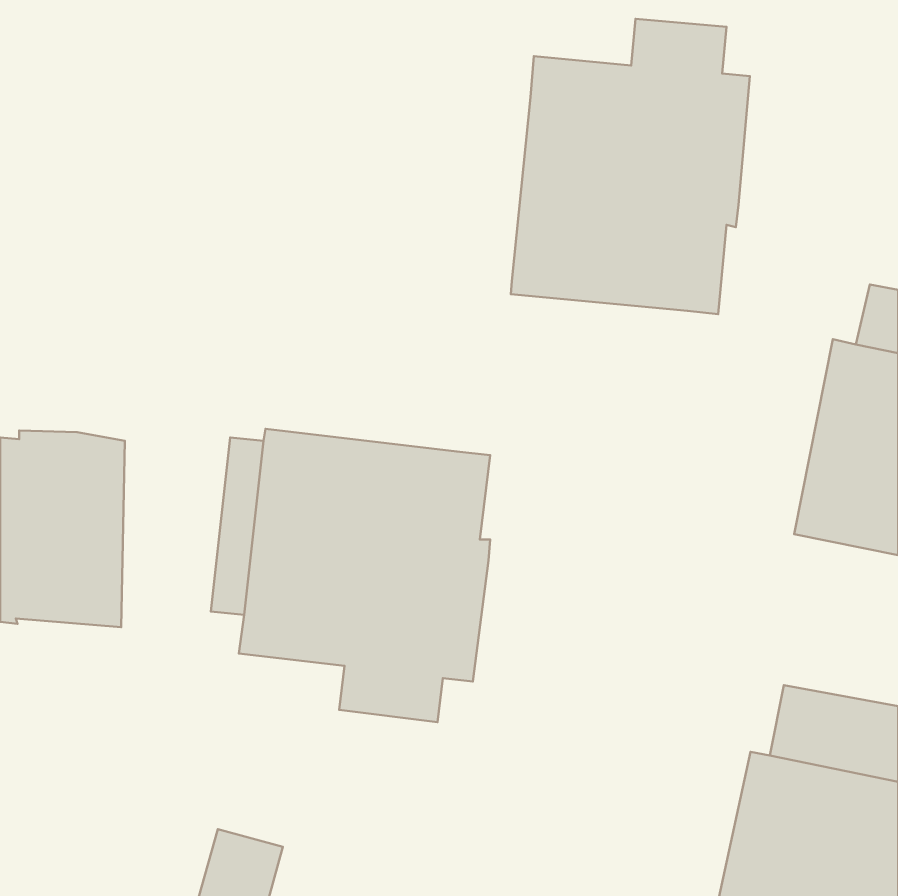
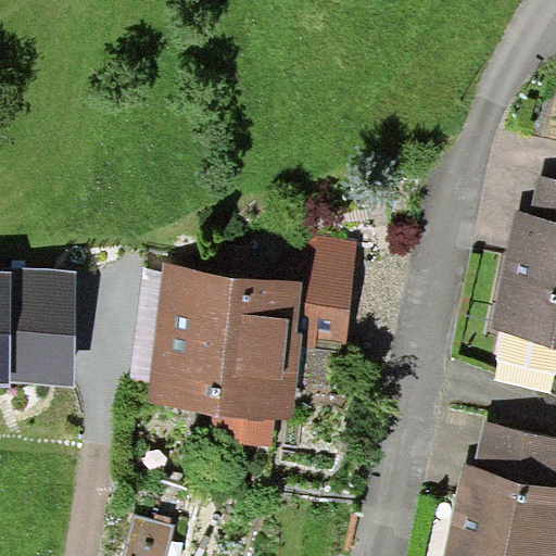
building: [511,19,750,314] -> none
building: none -> [282,236,357,353]

